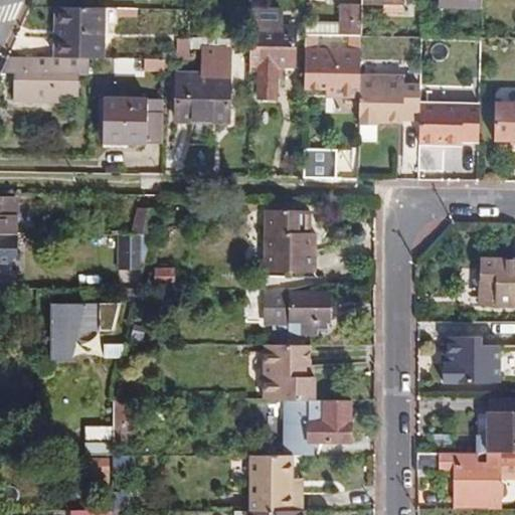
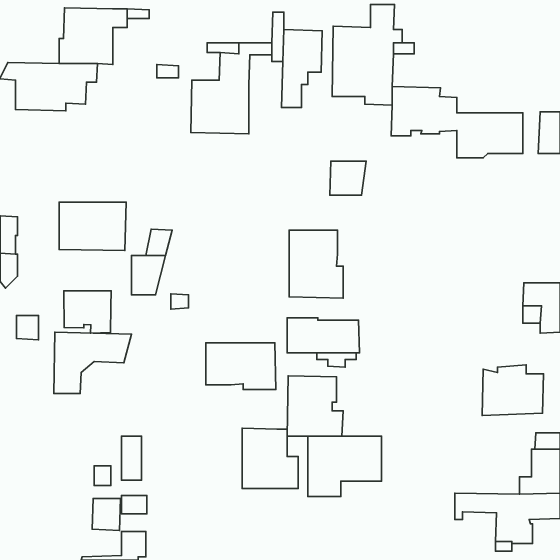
building: [102,100,163,144] -> [59,202,126,251]
building: none -> [64,291,111,333]
building: none -> [206,343,276,389]
building: [250,455,302,510] -> [242,428,298,488]

